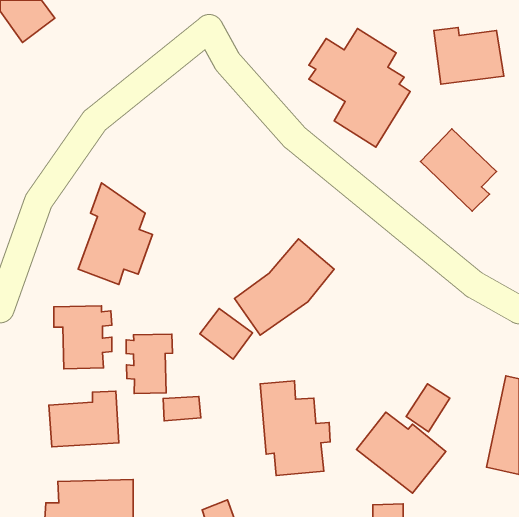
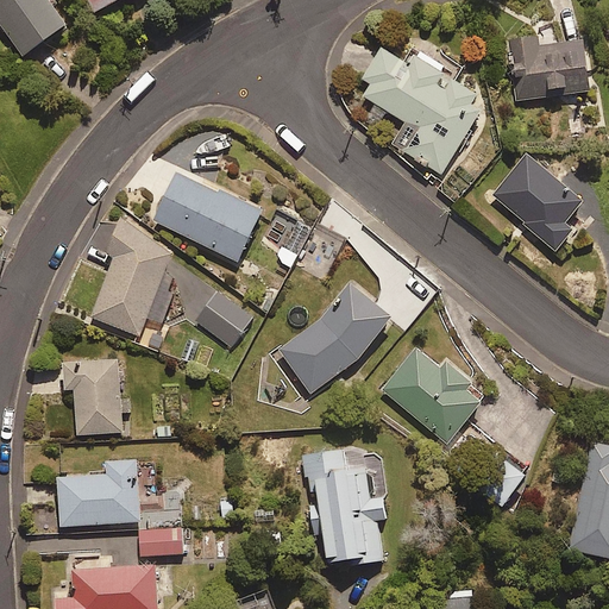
building: none -> [152,170,262,262]
building: [200,308,253,359] -> [193,290,255,350]
building: [126,334,173,393] -> none
building: [163,396,201,421] -> [139,529,183,558]
building: [356,412,446,493] -> [382,349,486,444]

